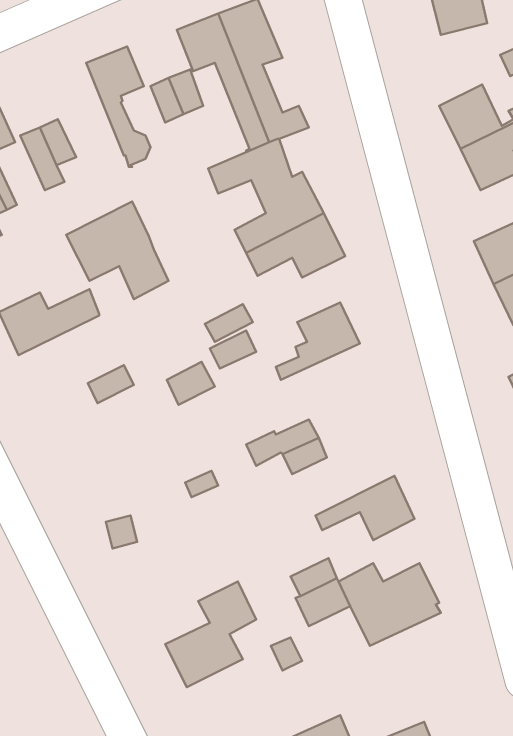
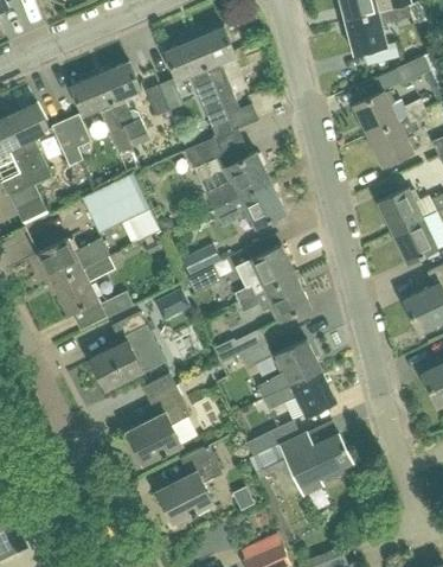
building: none -> [69,74,126,145]
building: none -> [50,253,118,314]
building: none -> [238,275,309,320]
building: none -> [88,312,161,389]
building: none -> [257,340,320,399]
building: none -> [126,388,188,463]

